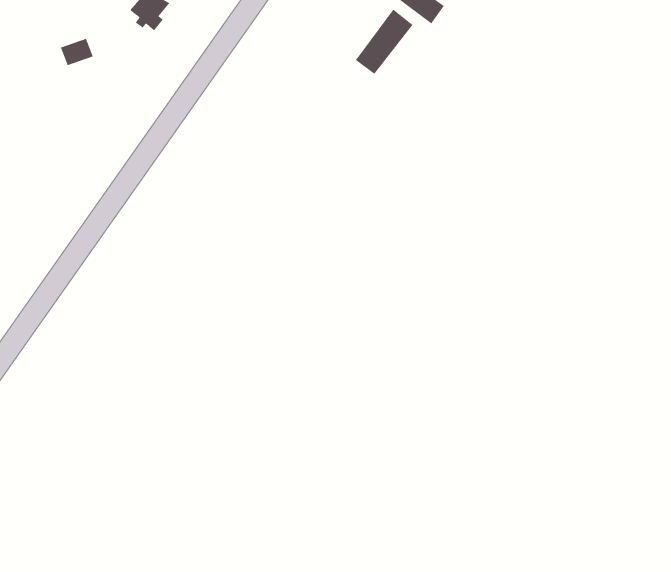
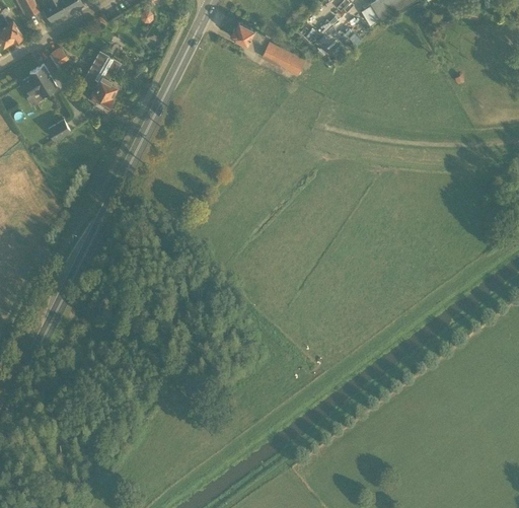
building: [355,9,414,75] -> none

